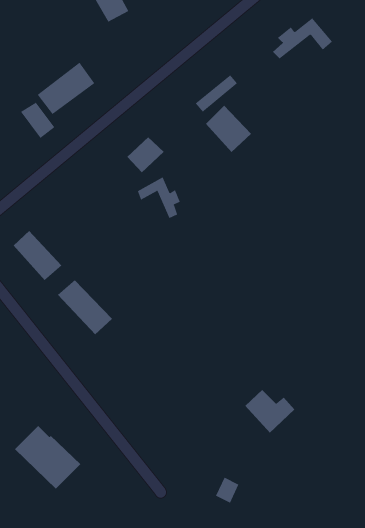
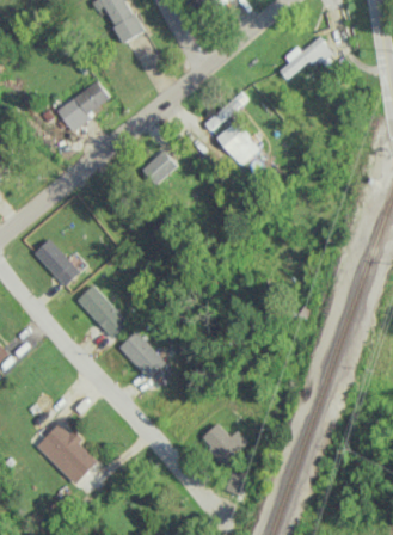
building: [20,102,55,139] -> none
building: [137,176,180,219] -> none
building: none -> [118,331,166,379]
building: [245,389,295,434] -> [201,423,248,465]

